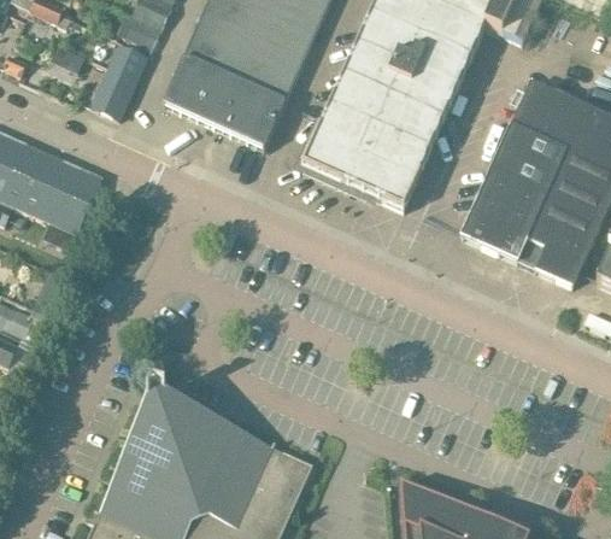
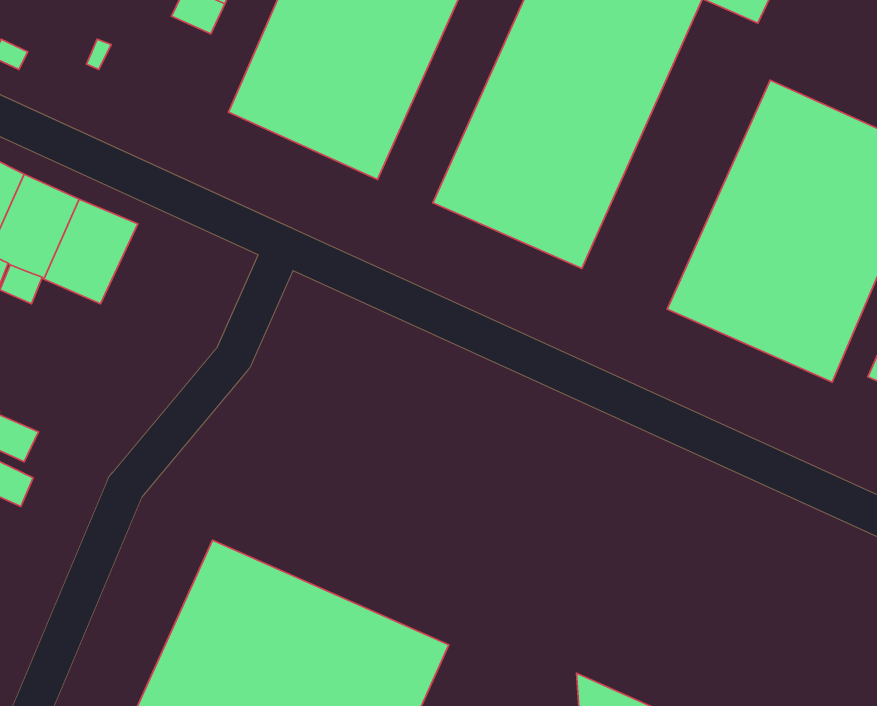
building: [93,46,145,113] -> none

